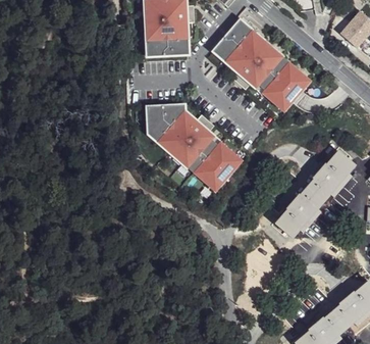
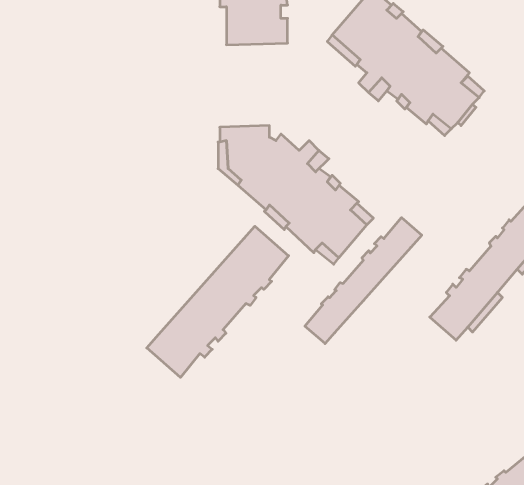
building: none -> [305,218,422,344]
building: none -> [147,226,289,377]

